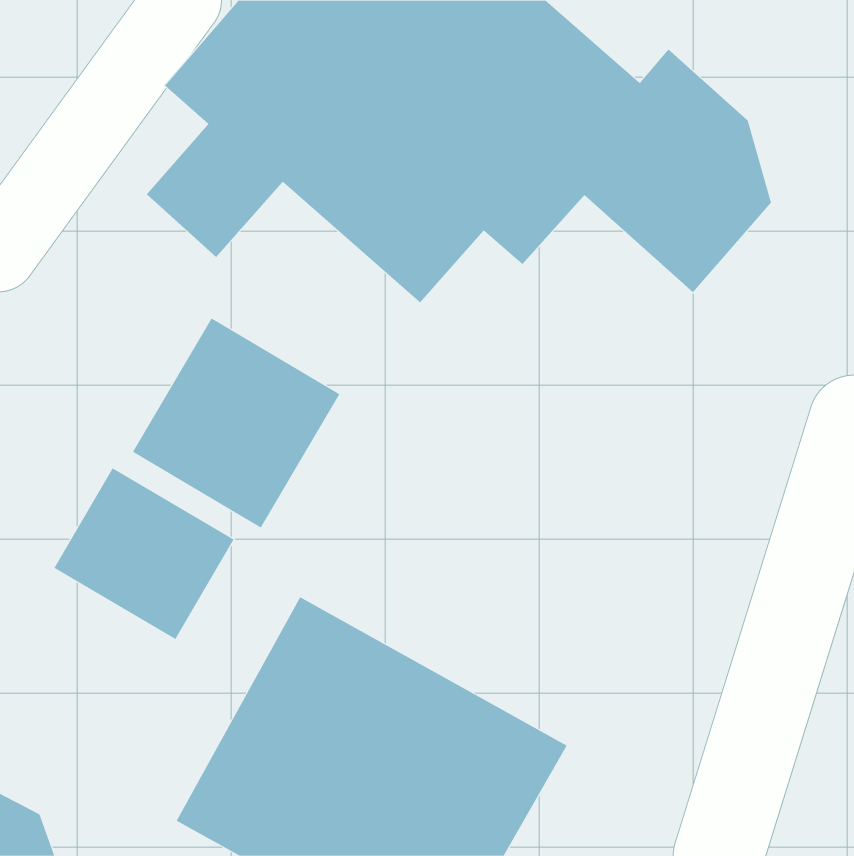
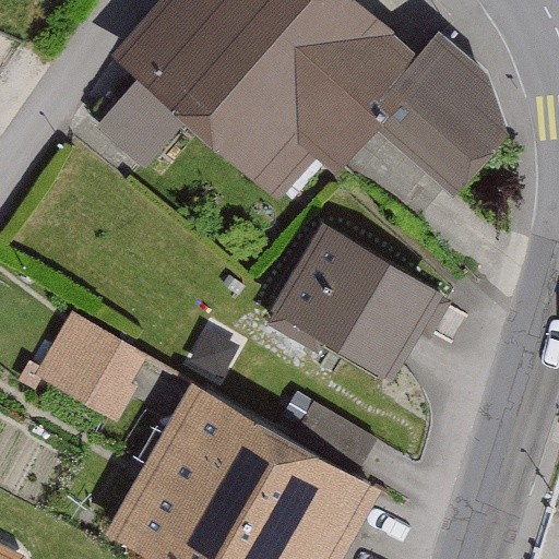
building: [132,317,340,529] -> none
building: none -> [271,228,433,379]

